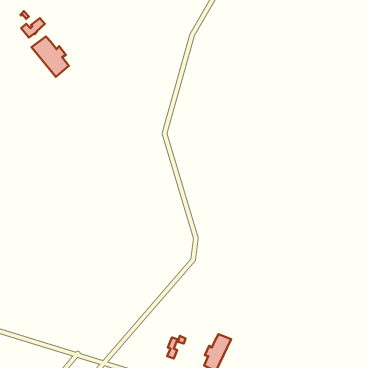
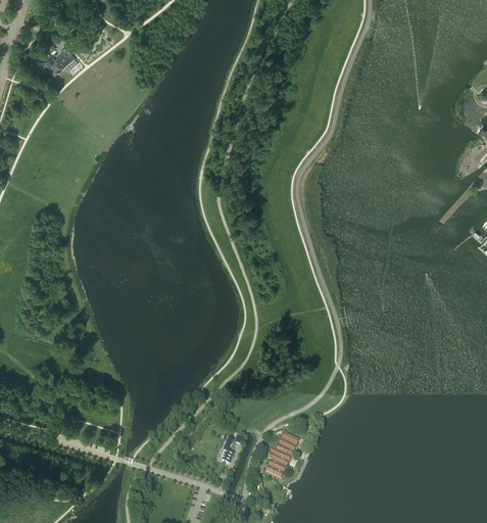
building: [32,37,69,77] -> none

